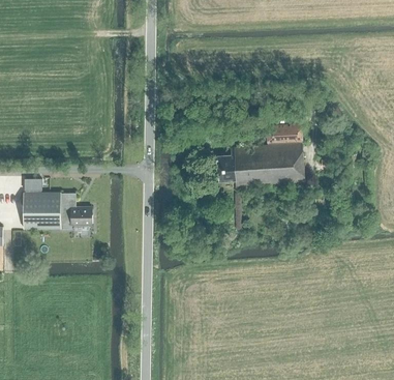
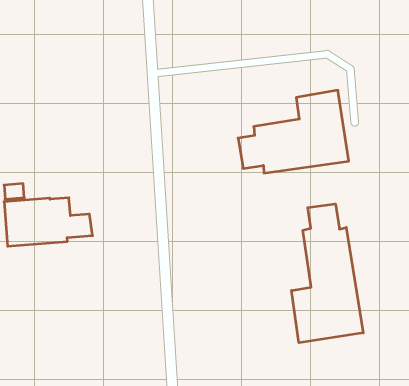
building: none -> [292,204,363,343]

